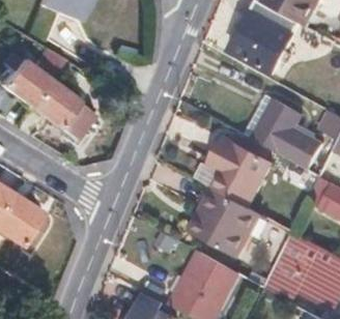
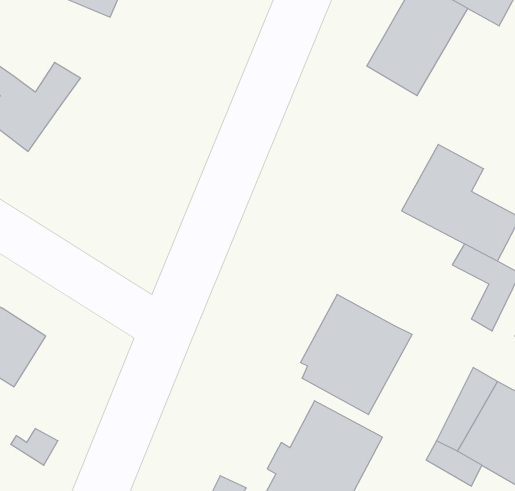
building: [28,77,91,136] -> none
building: [194,136,270,205] -> none

